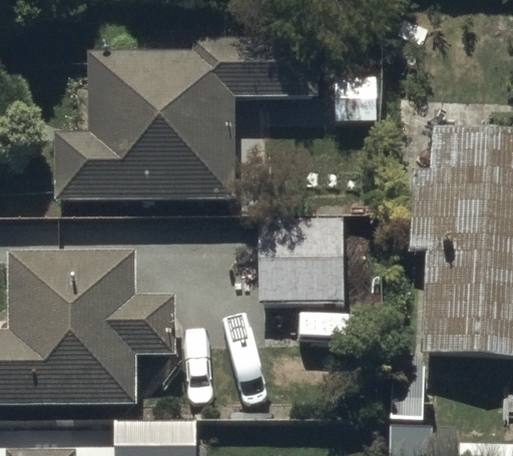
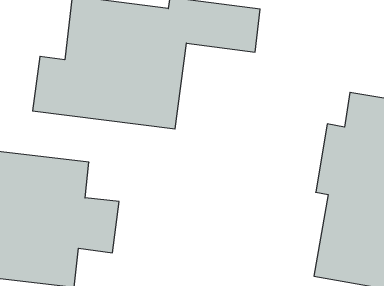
building: [260,220,341,308] -> none

